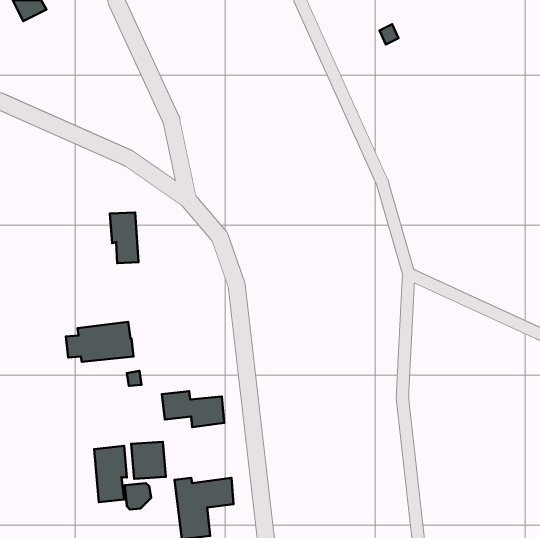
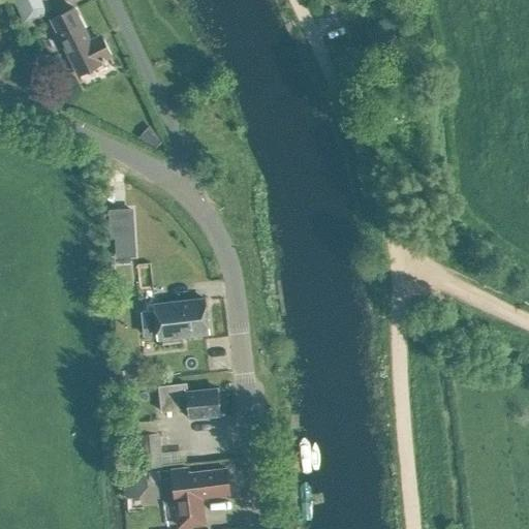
building: none -> [51,9,110,73]
building: [66,322,134,362] -> [143,300,209,339]
building: [94,446,127,502] -> none

